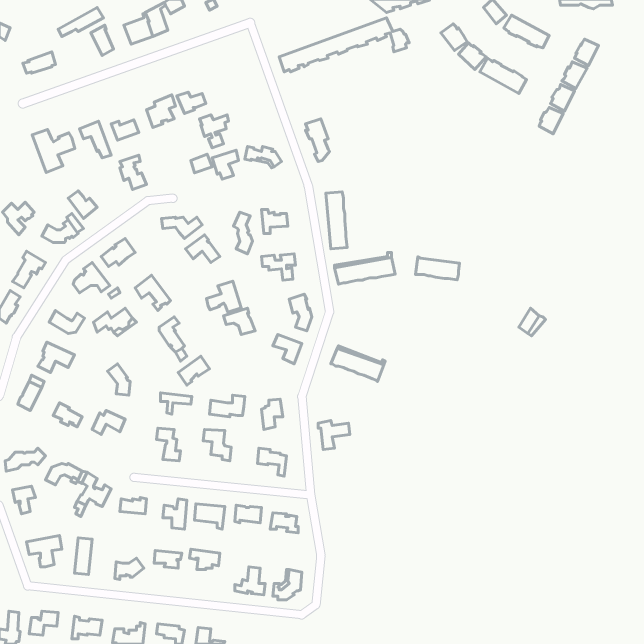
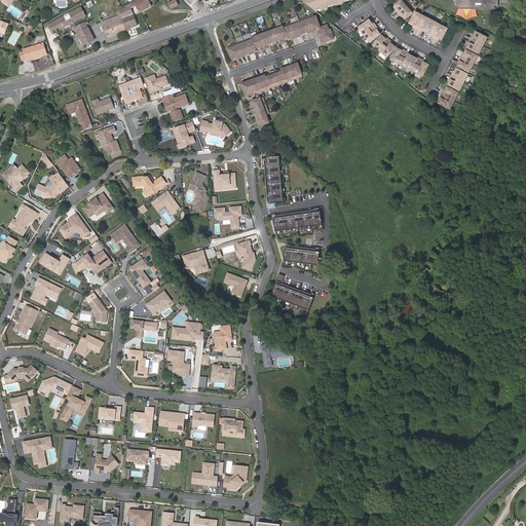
building: none -> [240,63,301,96]
building: [32,129,75,172] -> none
building: [415,257,460,280] -> [283,247,318,265]
building: [207,281,241,312] -> none

